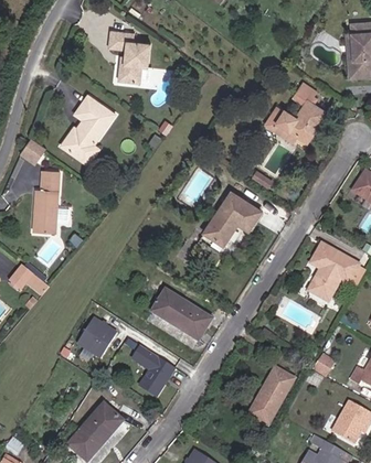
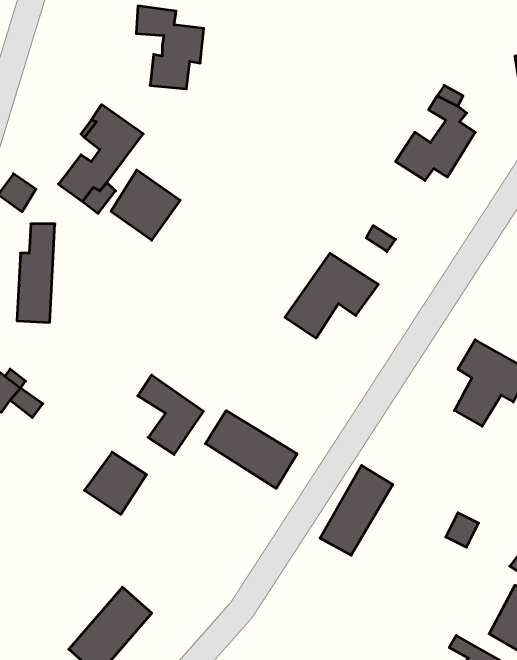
building: none -> [111,170,180,240]
building: [130,344,172,395] -> [138,375,203,455]
building: [250,368,296,426] -> [320,465,393,555]

